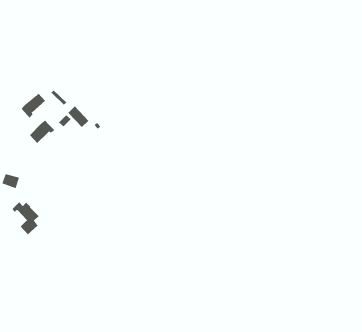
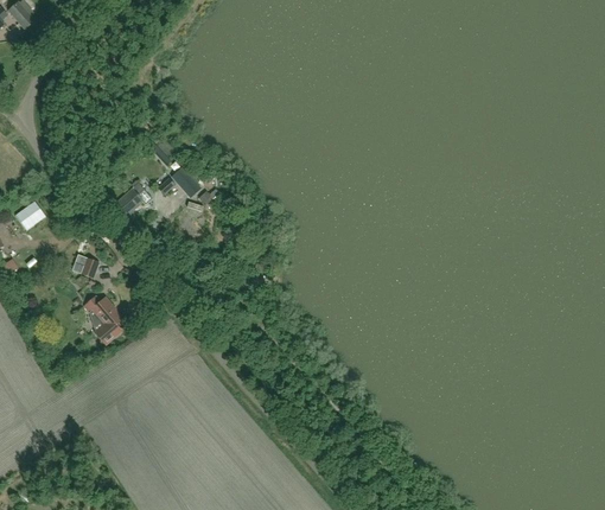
building: [21,93,46,119] -> none

